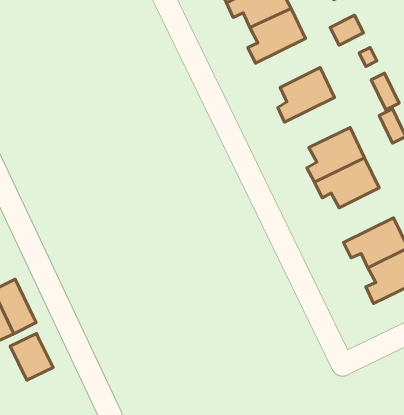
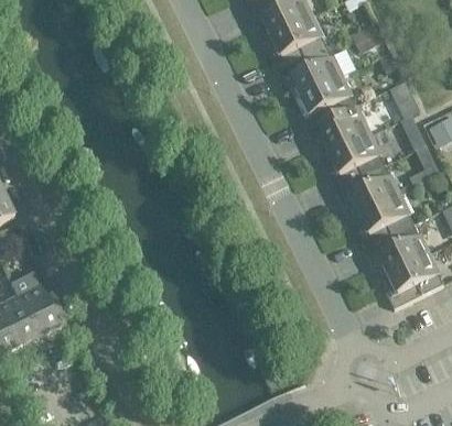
building: none -> [278,45,342,94]
building: none -> [306,103,372,153]
building: none -> [358,193,415,247]
building: [10,334,53,380] -> none

